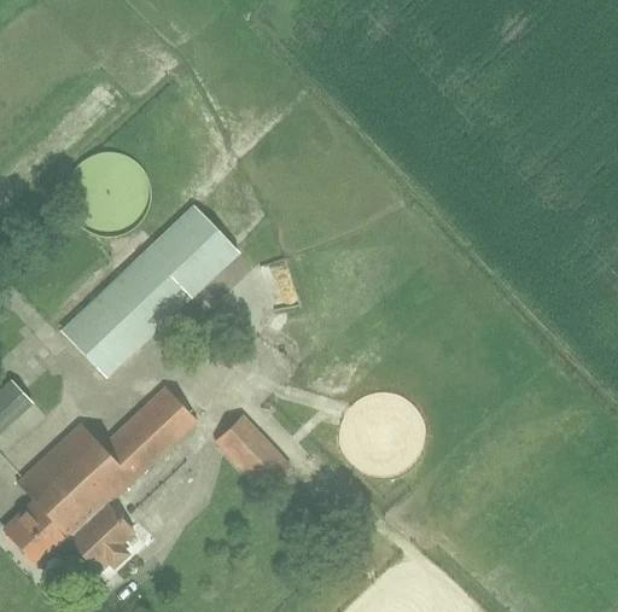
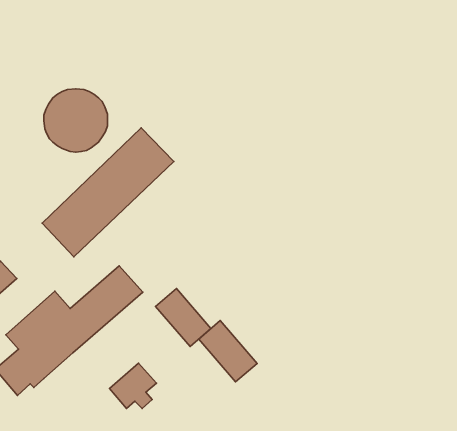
building: none -> [199,321,257,382]
building: [66,503,129,564] -> [109,363,157,408]

